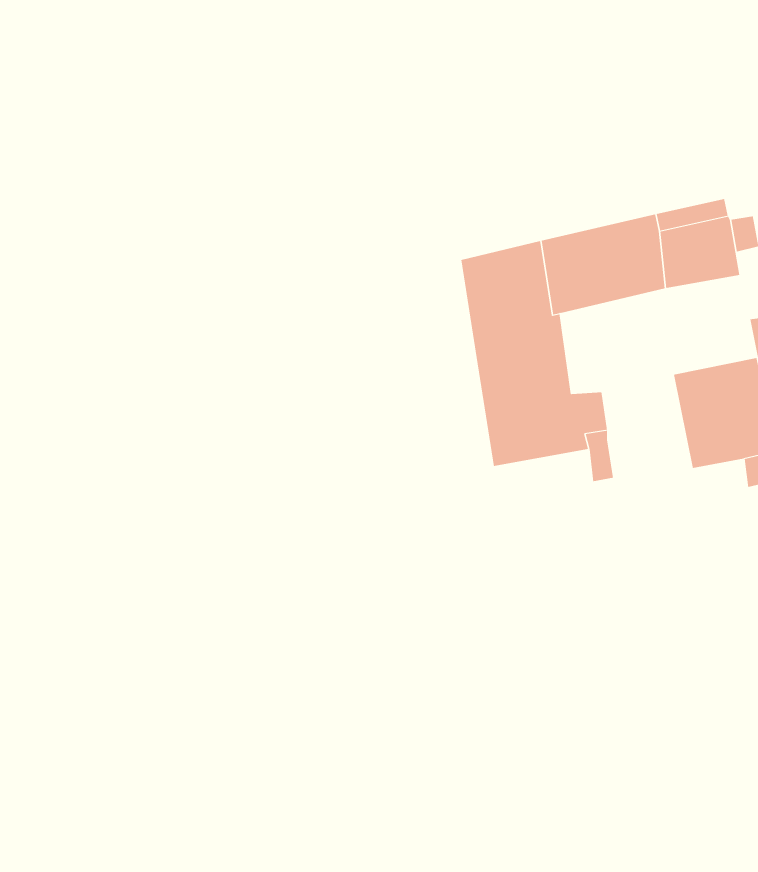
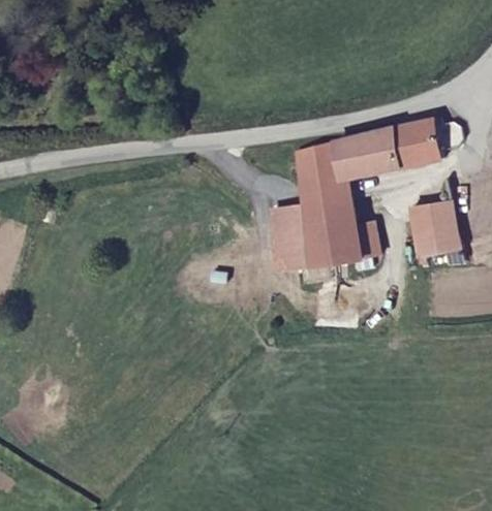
building: none -> [269,203,311,267]

